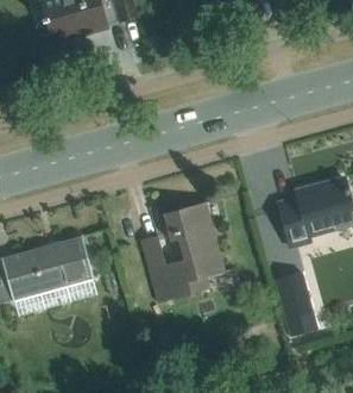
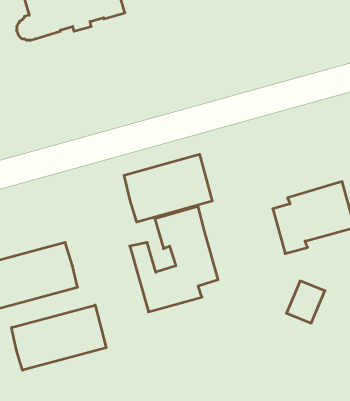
building: none -> [124,154,212,222]
building: none -> [12,305,106,370]

